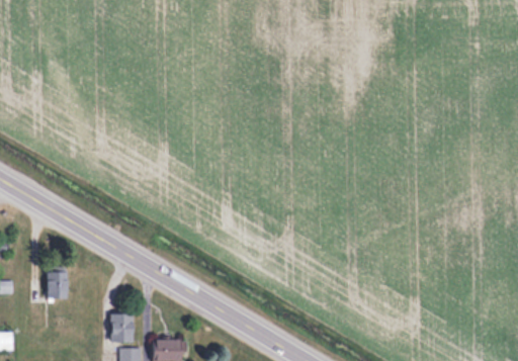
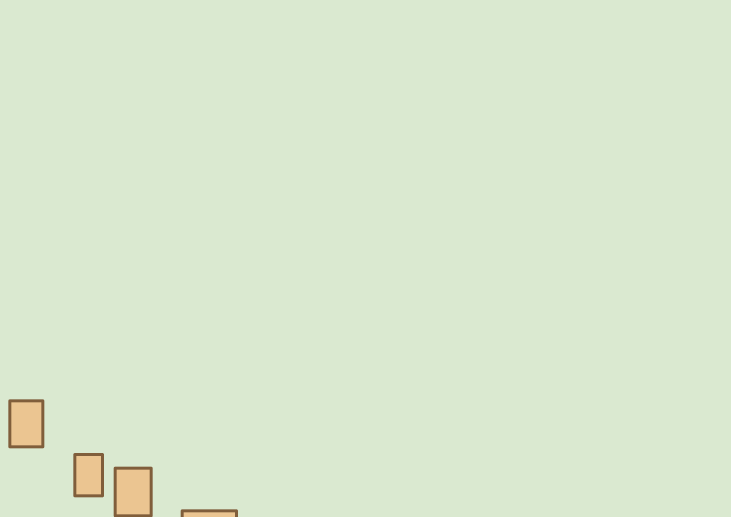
building: none -> [75,454,102,496]

